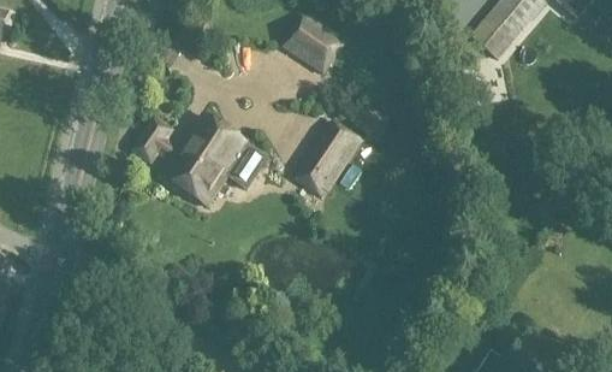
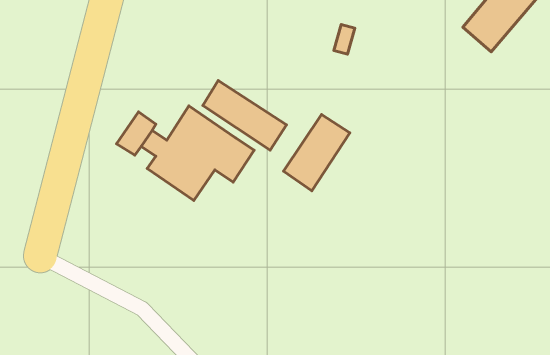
building: [284,16,344,73] -> none
building: none -> [203,81,287,150]

